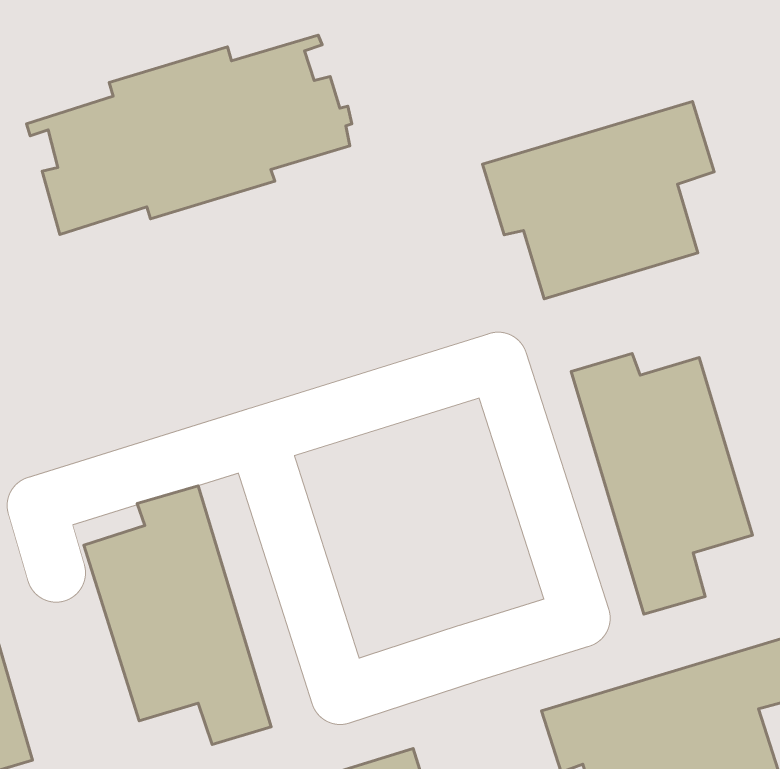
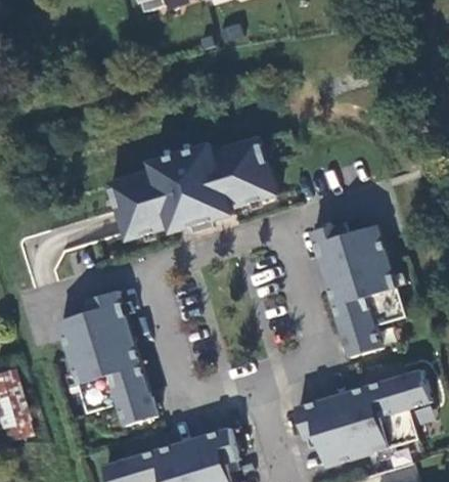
building: [26,35,352,235] -> [107,138,276,242]
building: [482,101,714,299] -> none

